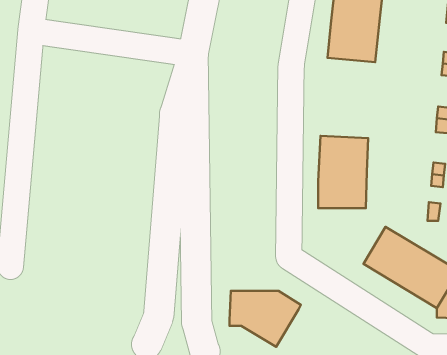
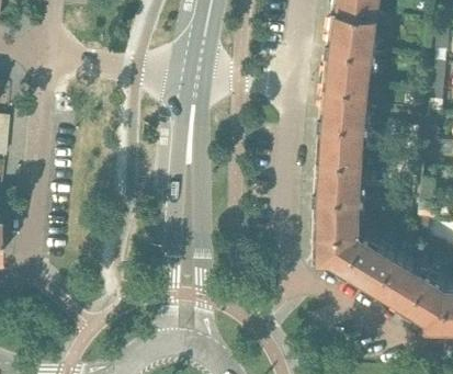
building: none -> [317,87,369,162]
building: [230,291,301,347] -> [314,228,381,281]

